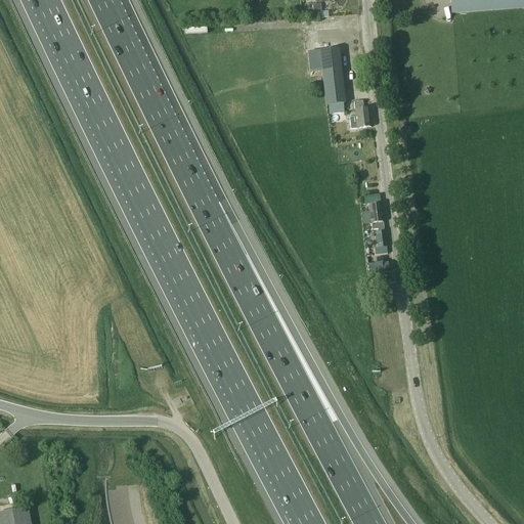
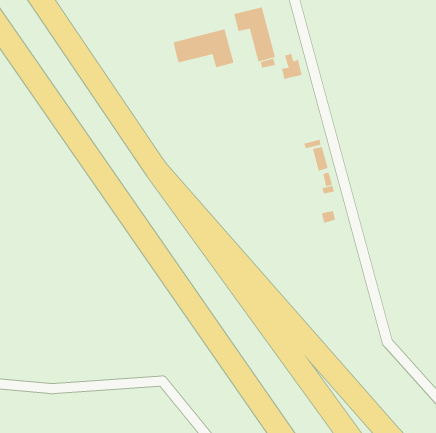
building: none -> [173,29,234,68]

